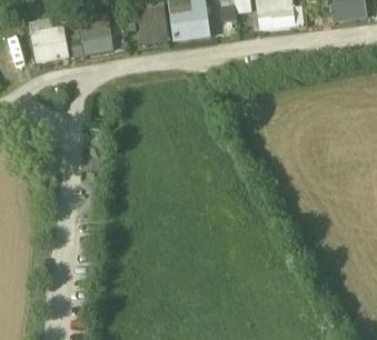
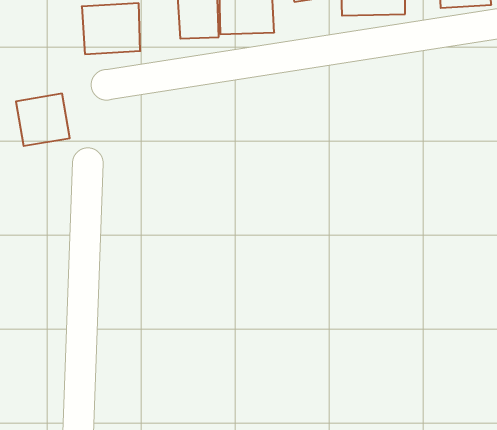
building: [30,26,69,63] -> [16,94,70,146]

